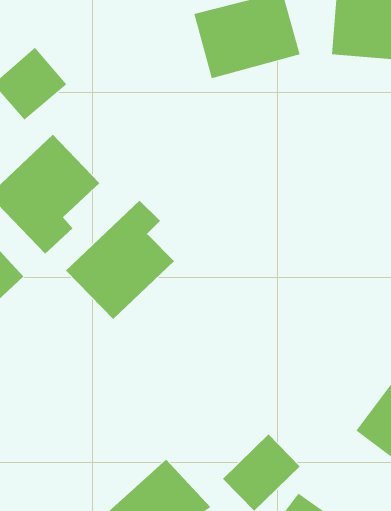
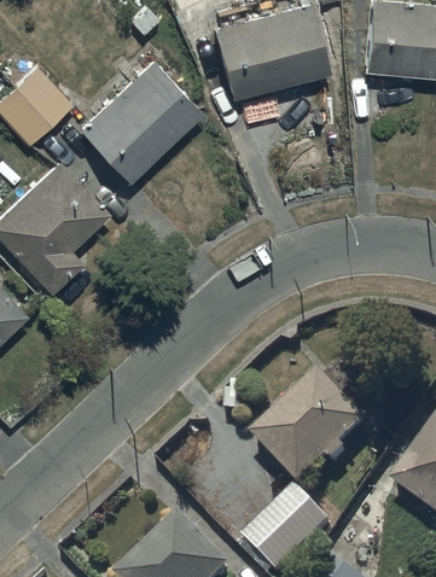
building: none -> [81,62,205,183]
building: [65,200,175,320] -> none
building: none -> [255,375,371,491]

